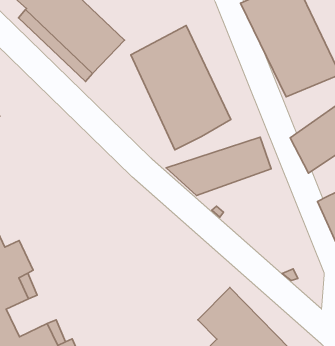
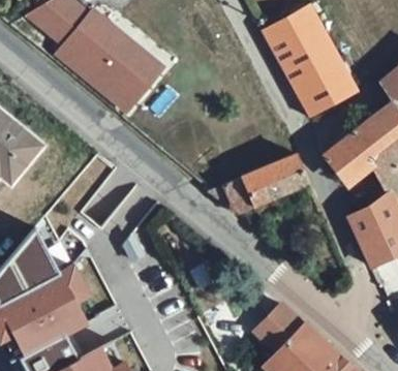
building: [131,25,231,150] -> none

